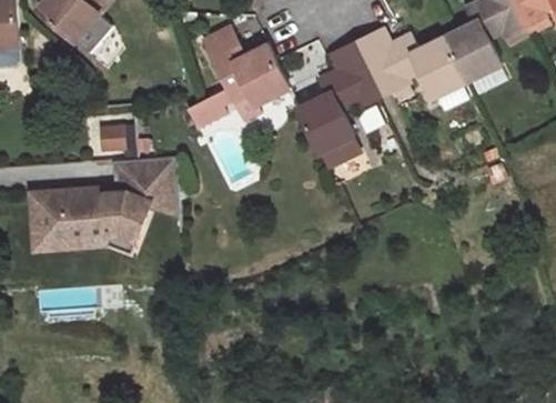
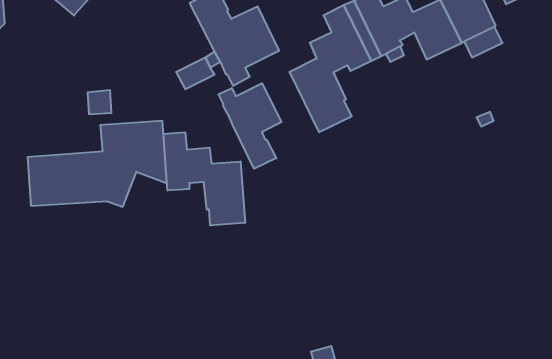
building: none -> [218,83,281,169]
building: none -> [163,132,245,226]
building: [29,191,134,253] -> none

